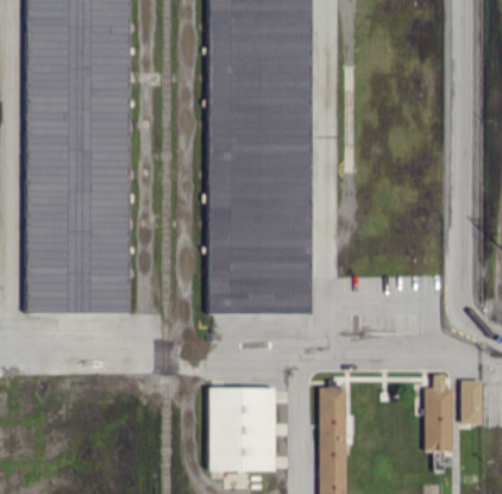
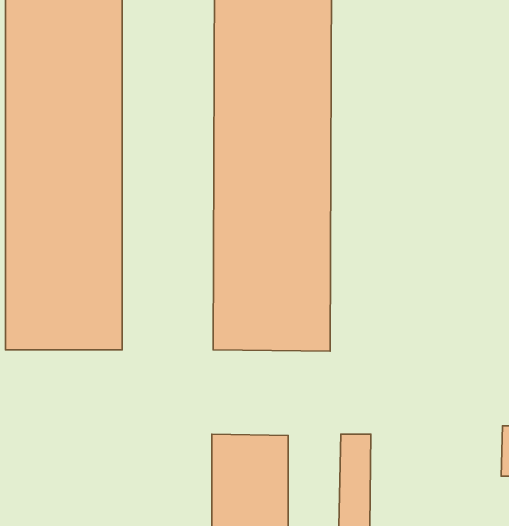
building: [425,374,454,450] -> none

